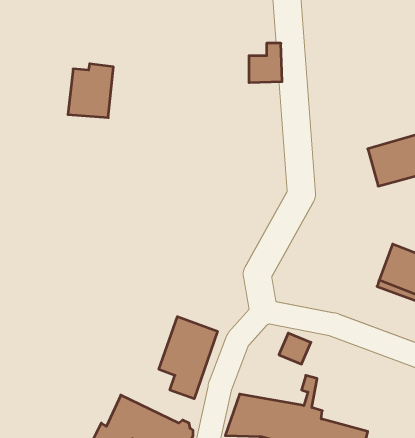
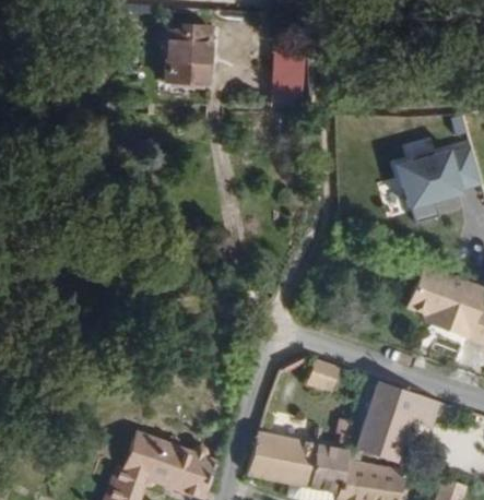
building: [68,64,113,118] -> [163,27,211,84]
building: [159,317,217,399] -> none
building: none -> [354,376,435,457]

